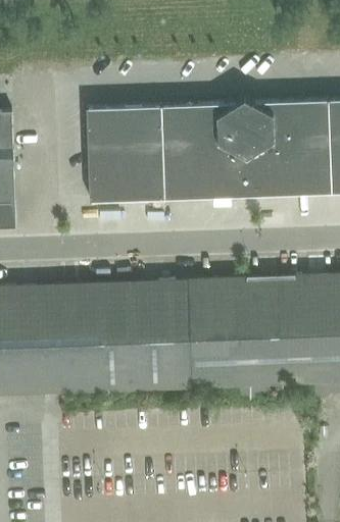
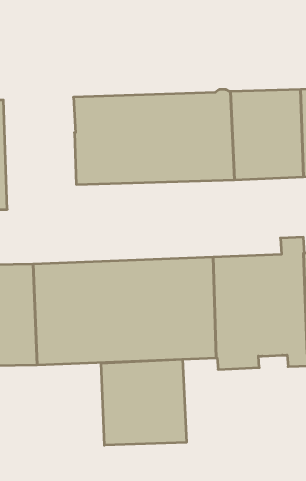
building: none -> [101,359,186,445]

